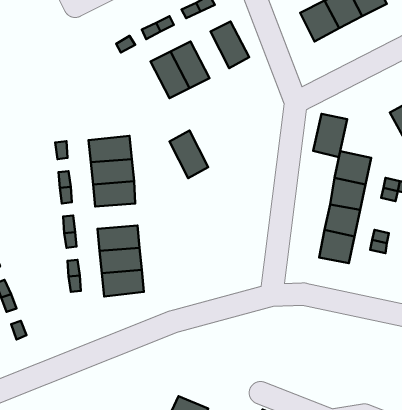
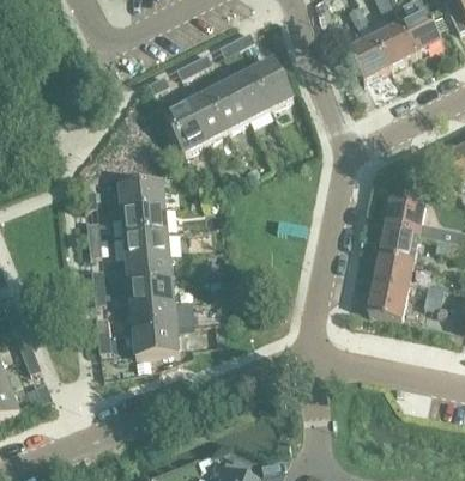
building: none -> [229,67,271,117]
building: [313,114,347,157] -> none
building: [169,130,208,178] -> [164,99,206,151]
building: none -> [126,252,171,280]

